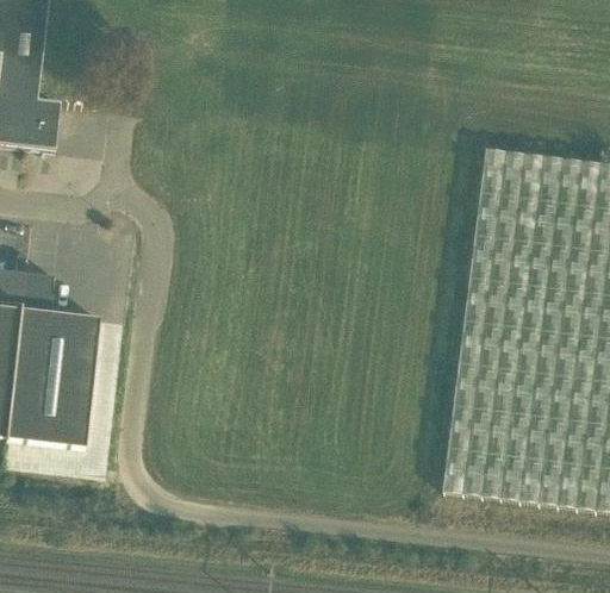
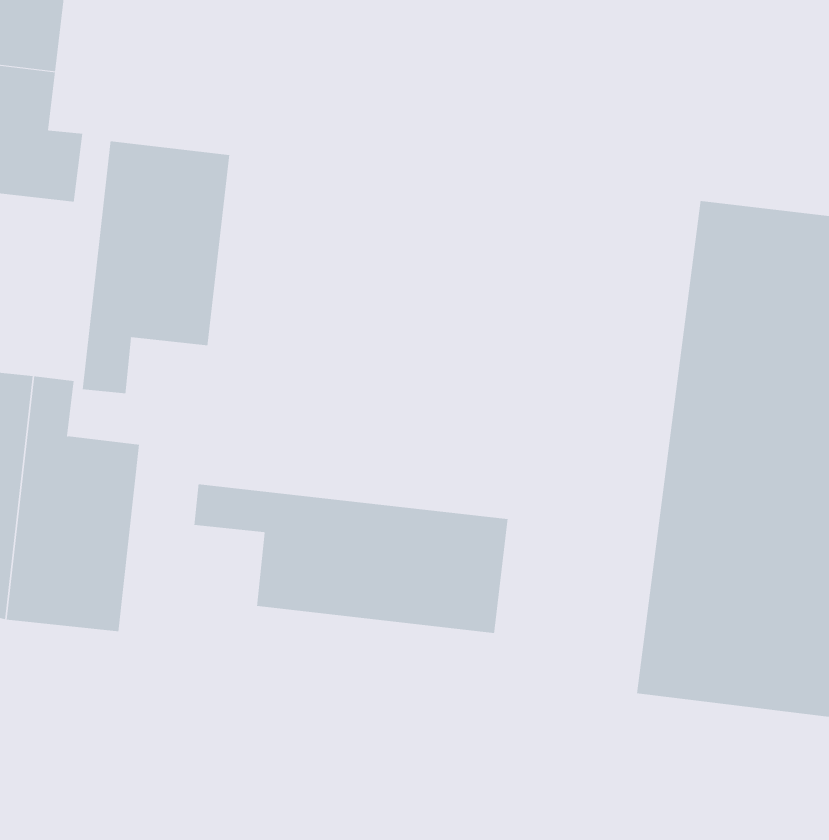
building: none -> [82,140,230,394]
building: none -> [194,484,508,634]

